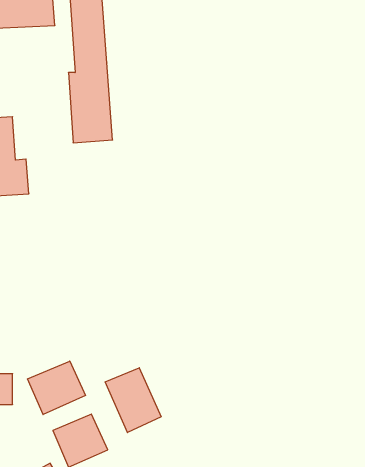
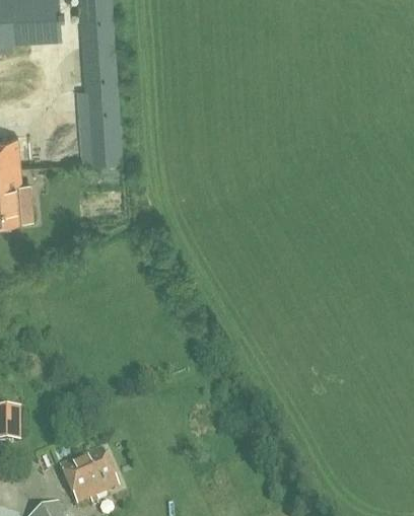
building: [27,361,85,415] -> none
building: [105,368,161,433] -> none

